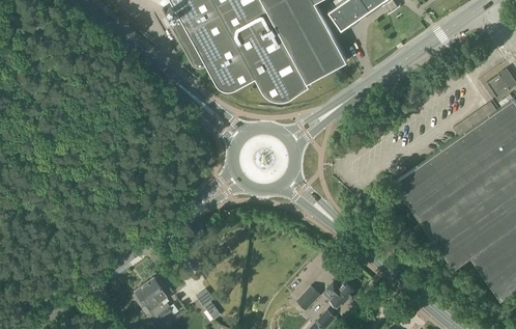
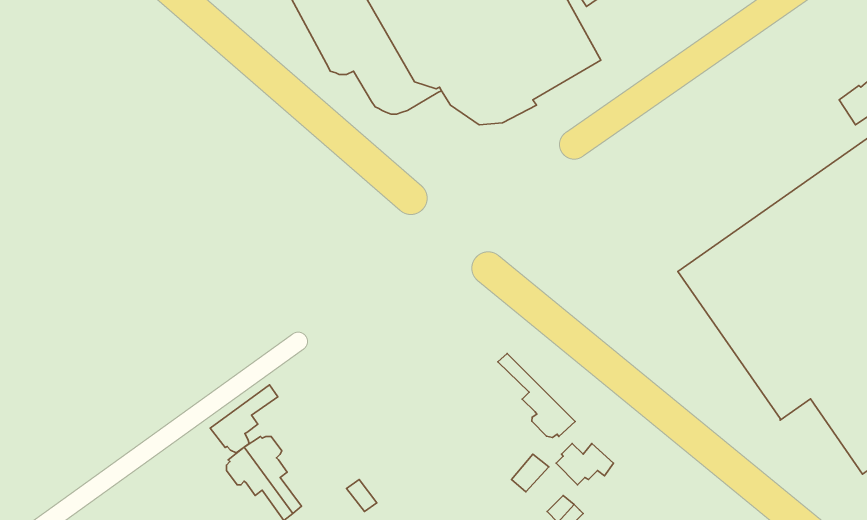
building: none -> [498,353,575,437]
building: none -> [210,385,278,453]

